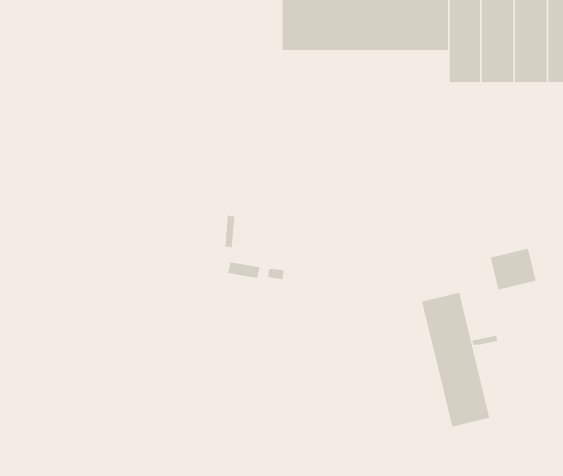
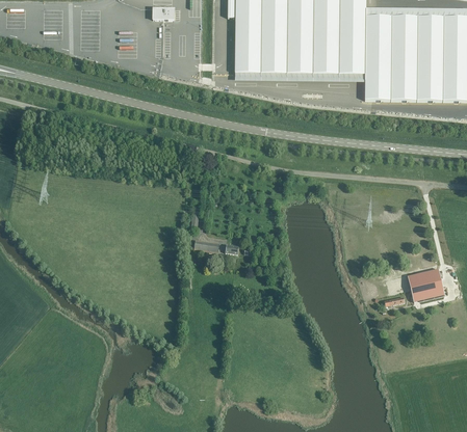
building: [490,248,537,290] -> [407,267,443,300]
building: [421,292,490,428] -> none

